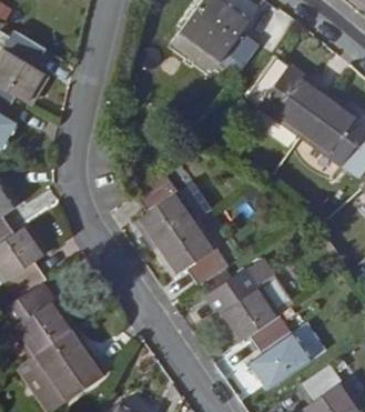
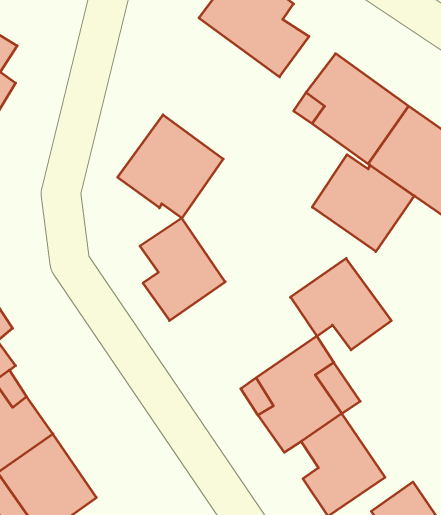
building: none -> [118,115,223,218]
building: none -> [312,155,414,252]
building: [156,220,229,285] -> [290,258,391,350]

